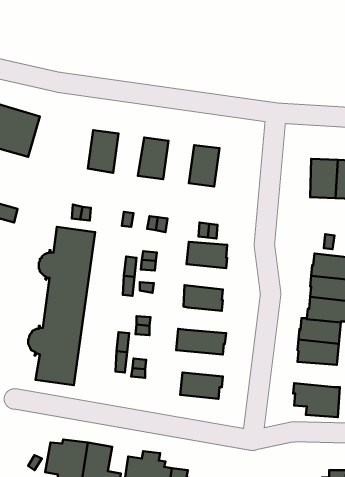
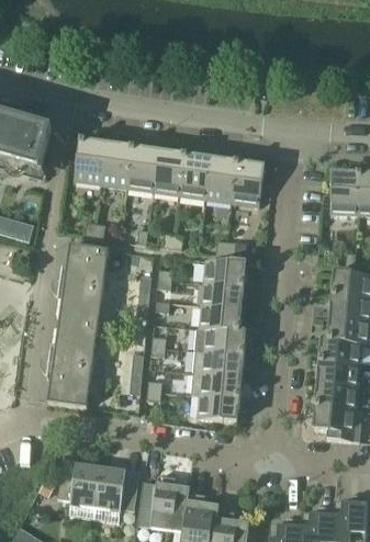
building: none -> [74,138,106,182]
building: none -> [127,146,159,190]
building: none -> [179,154,211,197]
building: none -> [232,161,264,204]
building: none -> [201,281,244,307]
building: none -> [203,326,245,352]
building: none -> [190,370,240,397]
building: none -> [314,382,358,408]

